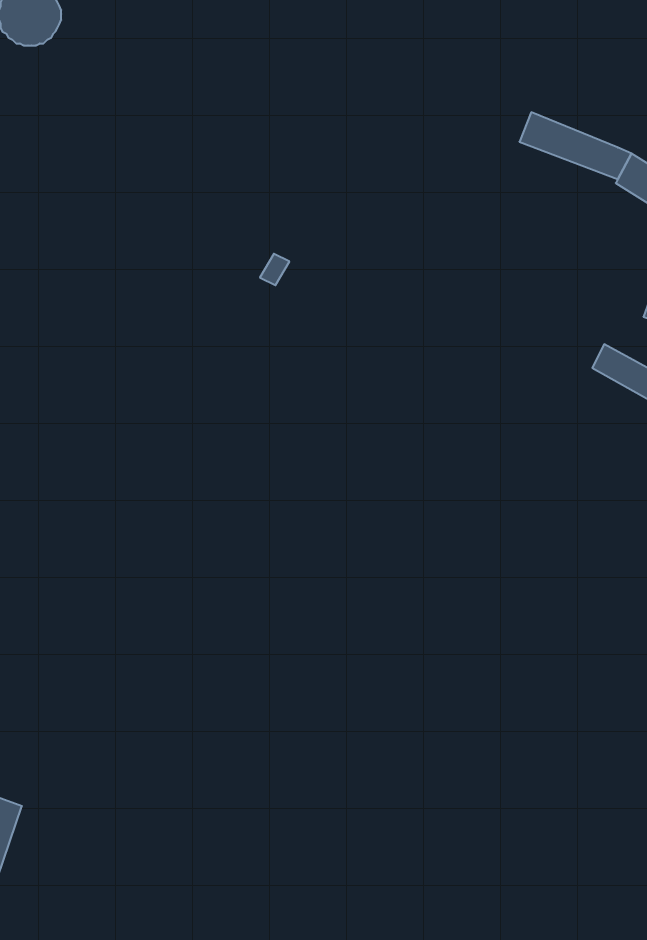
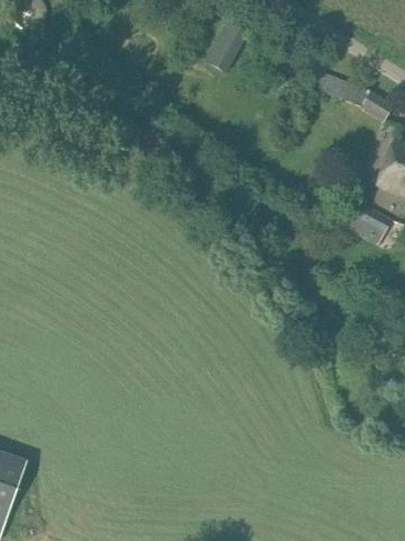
building: none -> [208,23,246,70]

